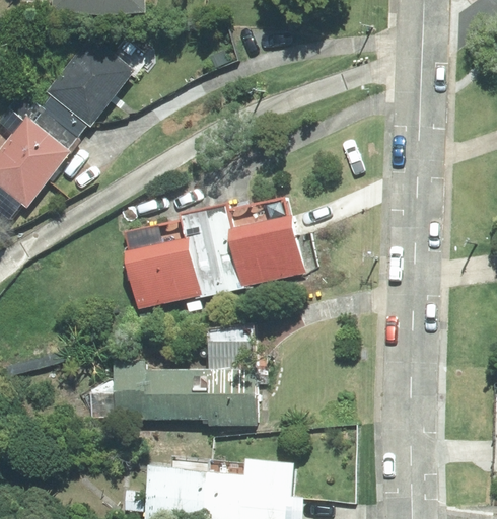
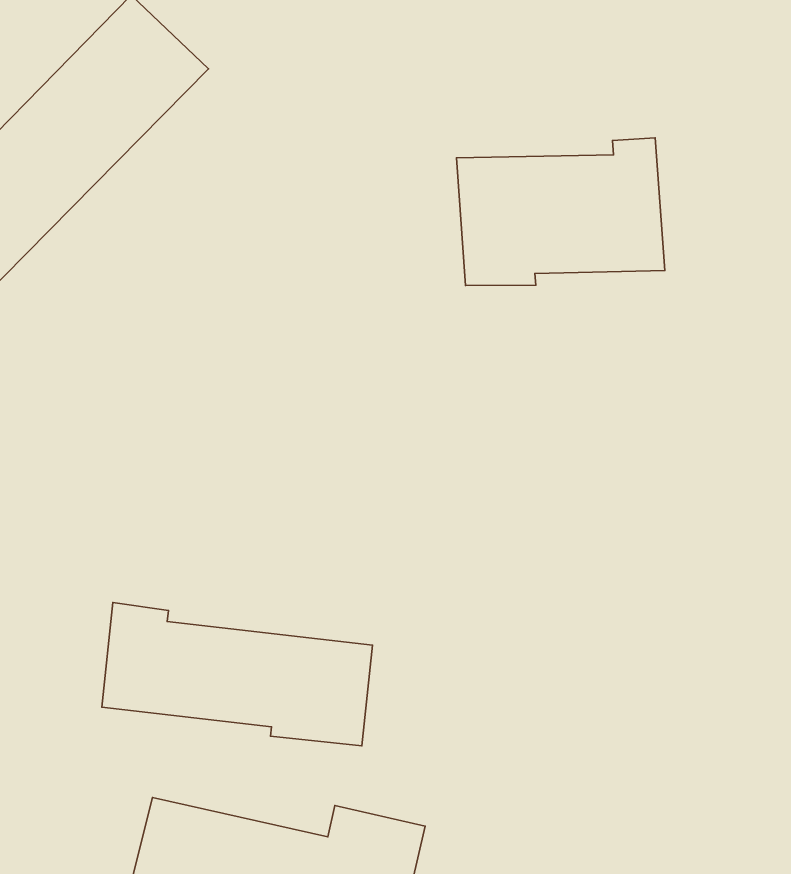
building: none -> [456,138,665,286]
building: [125,202,305,308] -> none

